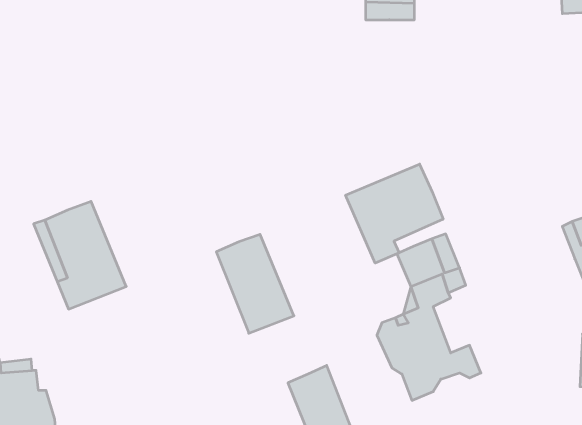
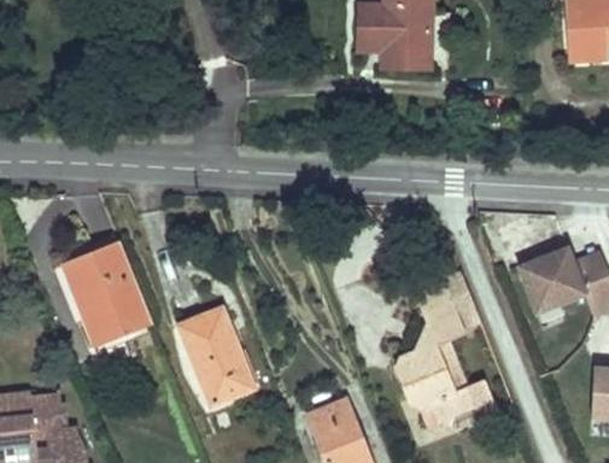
building: [346,164,443,263] -> none
building: none -> [516,248,584,315]
building: [216,234,294,333] -> [178,307,253,403]

